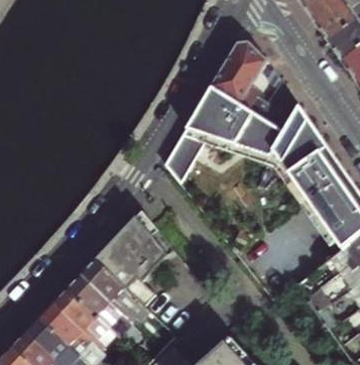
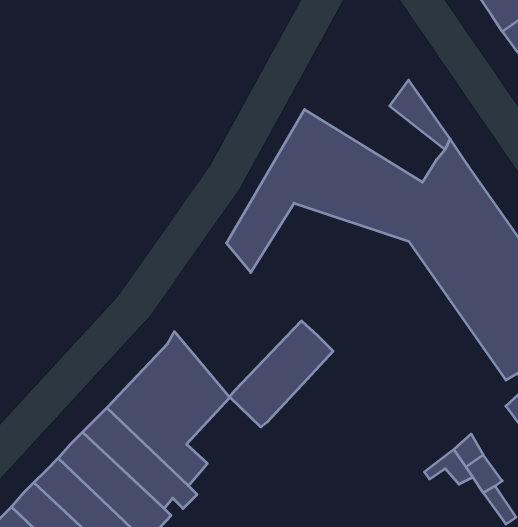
building: [212,41,288,128] -> none
building: none -> [229,321,333,427]

